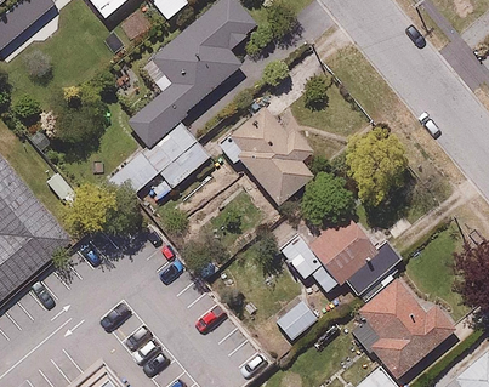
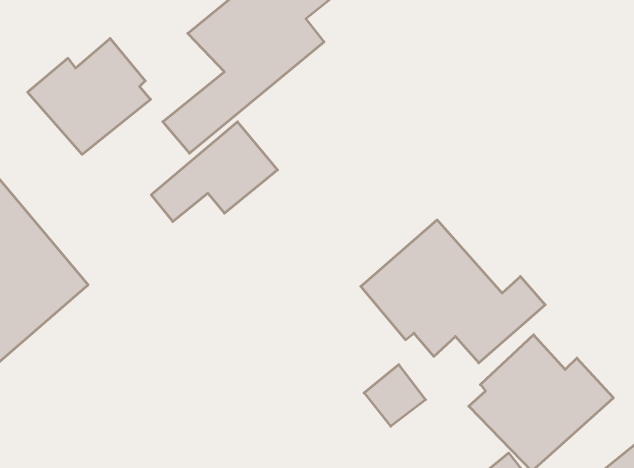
building: none -> [28,38,151,154]
building: [226,106,312,200] -> none

